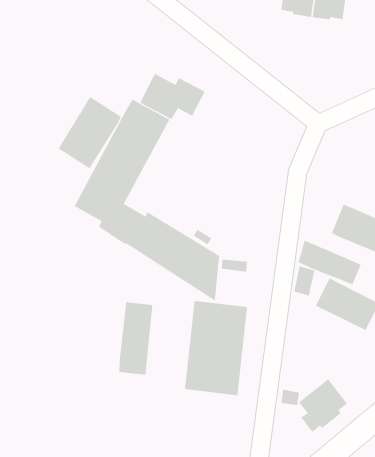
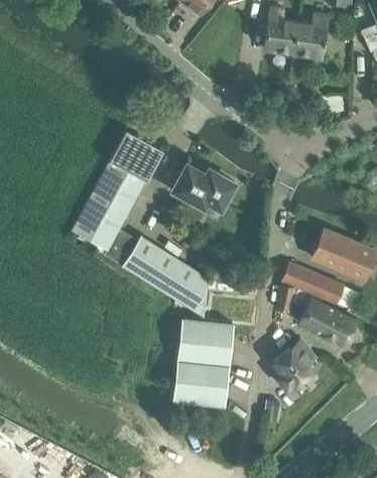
building: [139,73,205,120] -> [173,164,235,208]
building: [58,96,122,169] -> none
building: [119,302,153,375] -> none
building: [298,379,348,433] -> [272,341,319,391]

